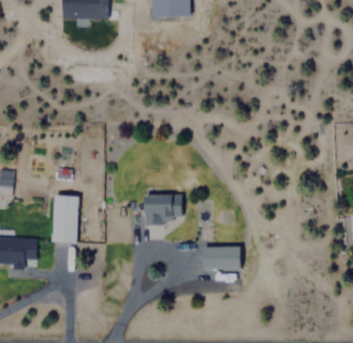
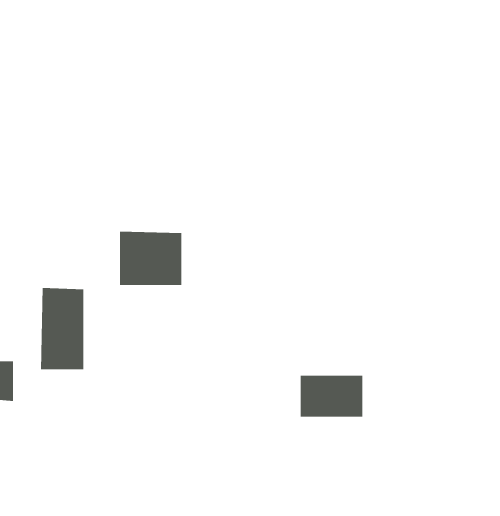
building: [145,194,182,226] -> [119,231,182,286]

